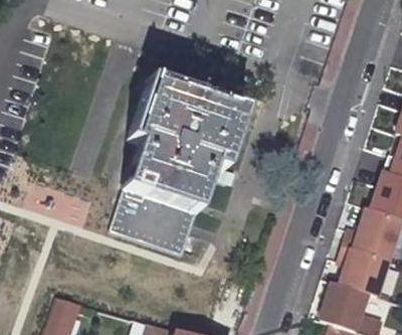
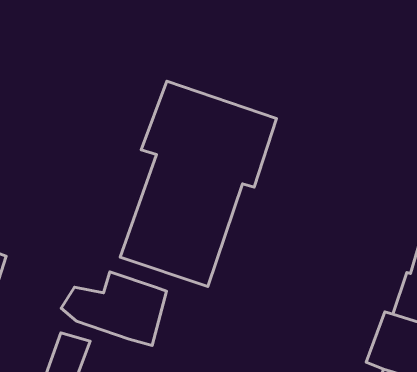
building: none -> [61,272,167,345]

